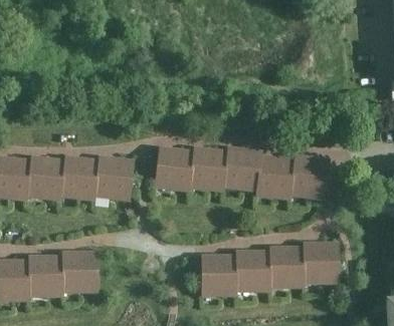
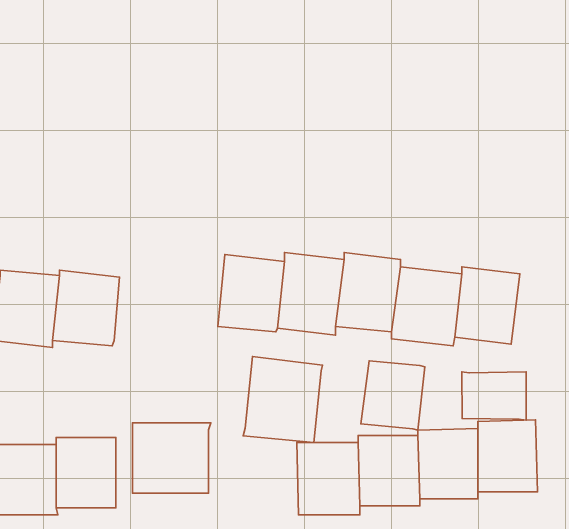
building: [97,155,135,199] -> none
building: none -> [243,356,322,443]
building: none -> [361,361,425,430]
building: none -> [462,372,526,420]
building: none -> [132,423,211,493]

